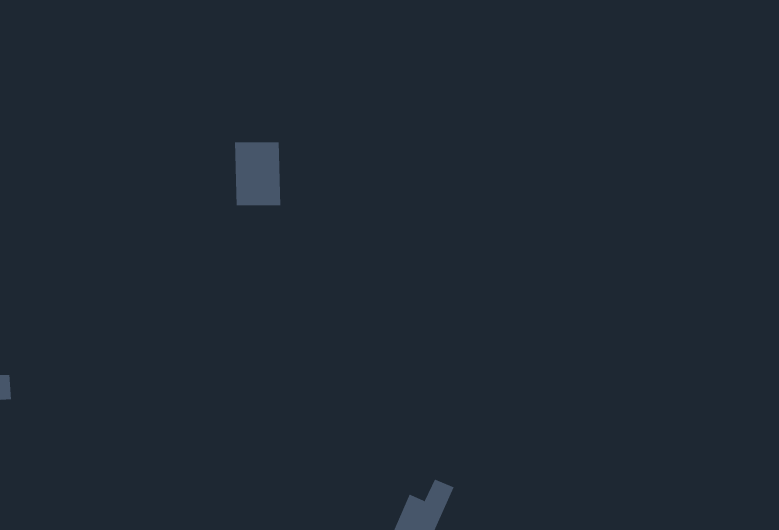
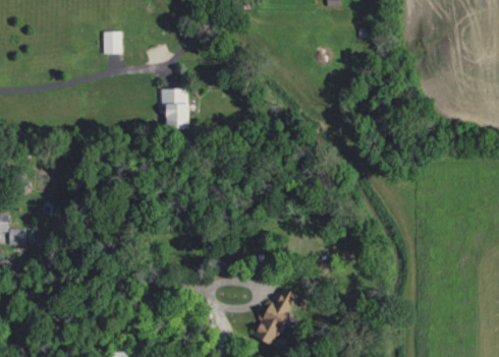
building: none -> [104,32,123,55]

